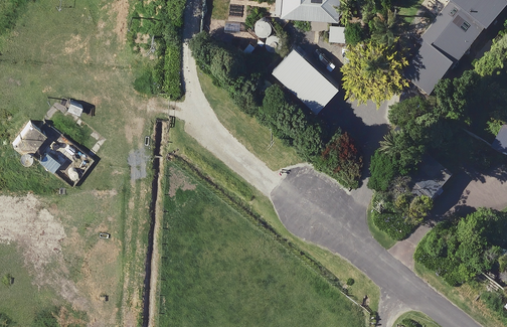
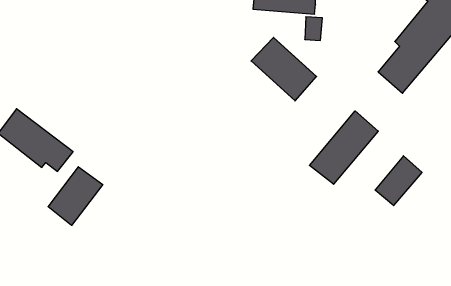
building: none -> [309,111,378,184]
building: none -> [48,167,103,225]

